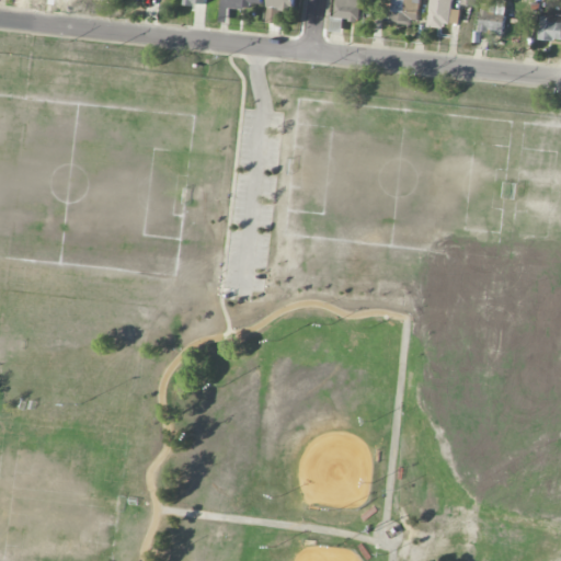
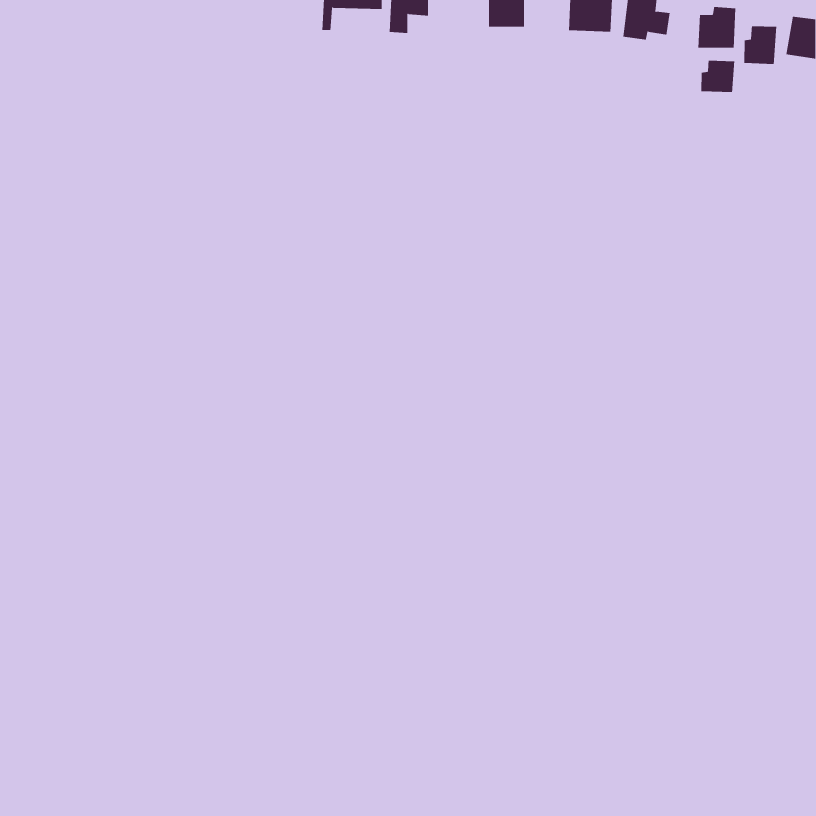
building: none -> [744,26,777,65]
building: none -> [701,60,735,93]

